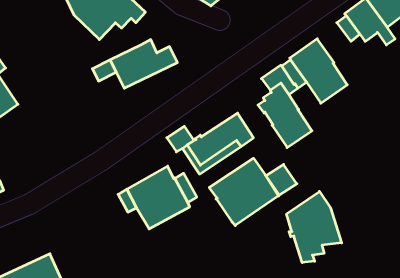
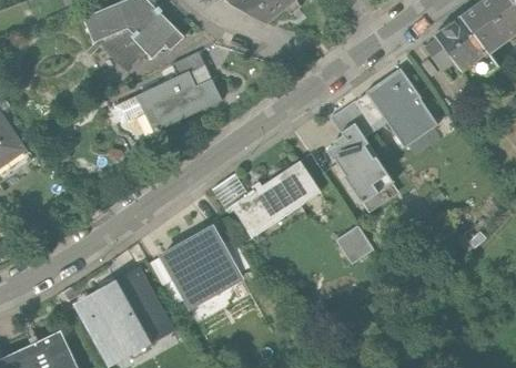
building: none -> [173,50,214,84]
building: [209,158,279,226] -> none
building: [287,191,342,263] -> none
building: none -> [79,268,168,361]

